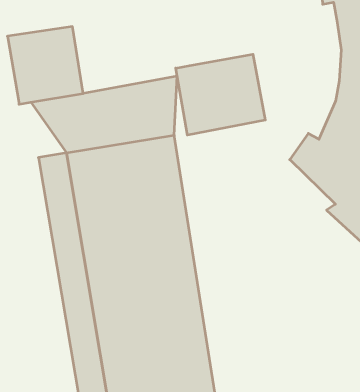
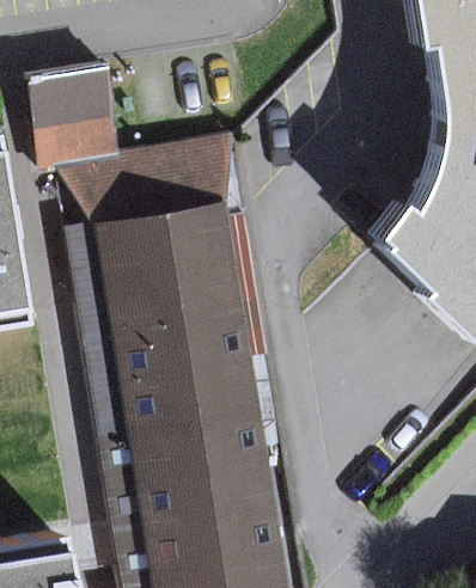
building: [176,54,265,135] -> none

